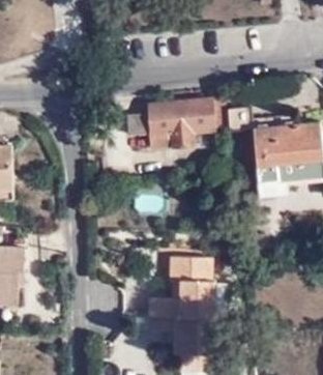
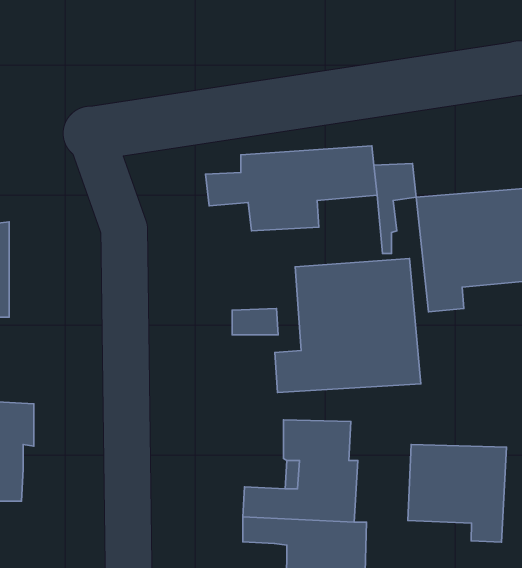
building: none -> [275,259,421,392]
building: none -> [408,444,507,542]

